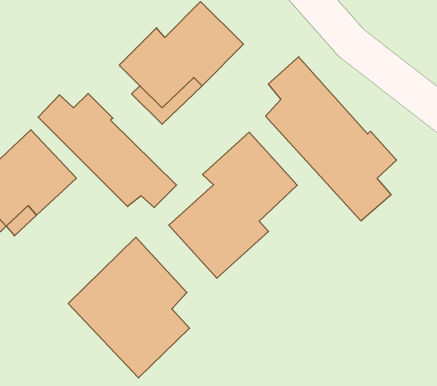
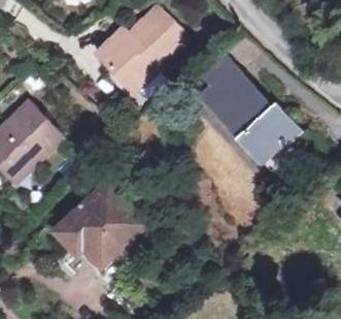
building: [38,94,177,208] -> none
building: [169,132,297,278] -> none

